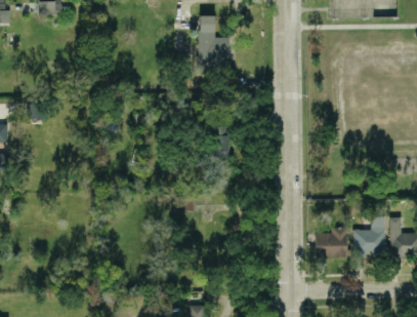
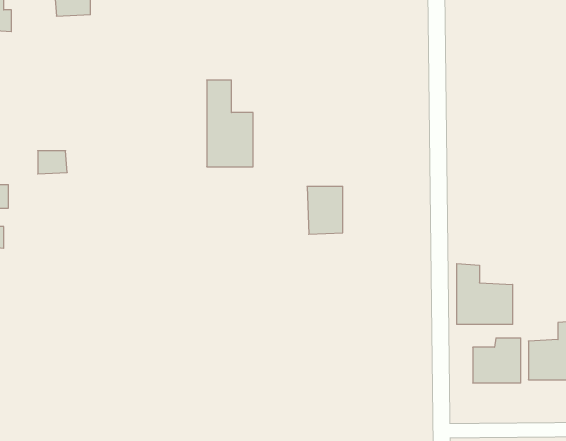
building: [198,16,228,74] -> [207,80,253,167]
building: none -> [457,264,513,324]

